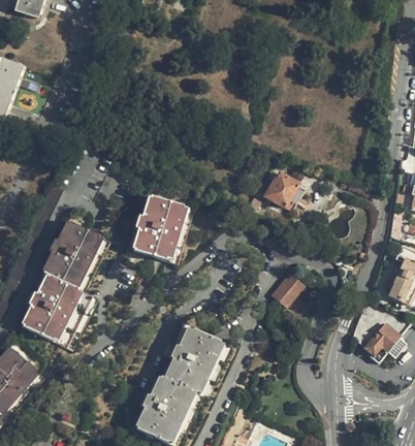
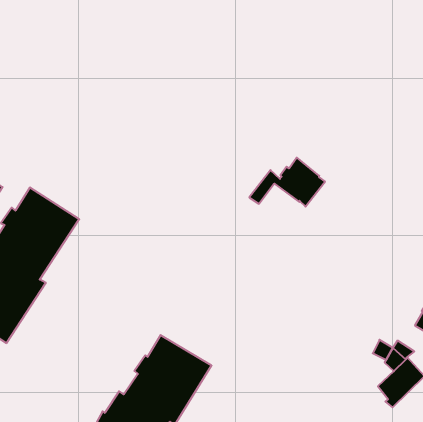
building: [132,192,194,261] -> none
building: [273,275,304,307] -> none

